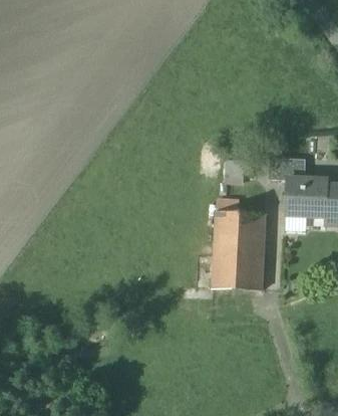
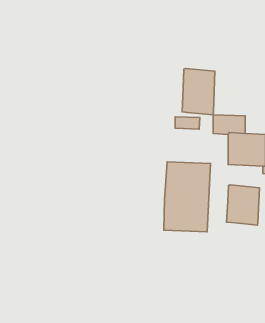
building: none -> [182,68,215,115]
building: none -> [227,185,259,225]

